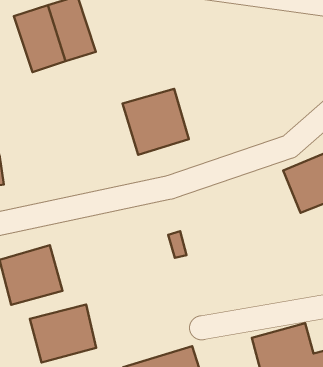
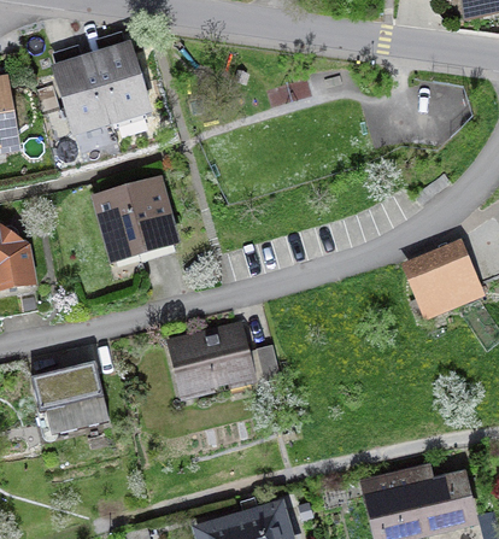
building: [123,89,189,155] -> [93,174,180,260]
building: none -> [163,320,252,399]
building: [30,304,96,362] -> none

